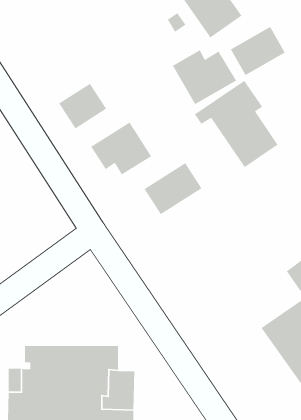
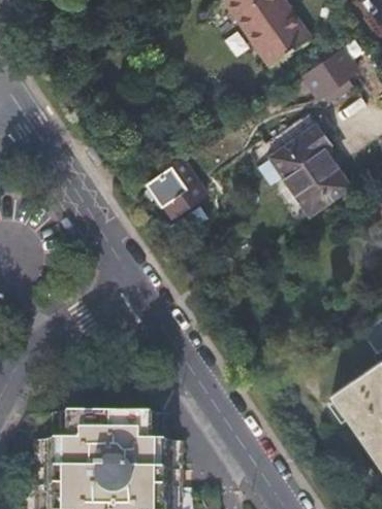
building: [172,49,237,105] -> none
building: [58,83,107,129] -> none
building: [143,162,203,215] -> none

